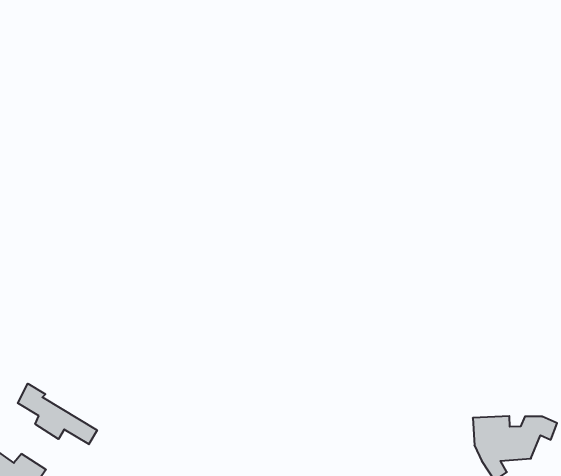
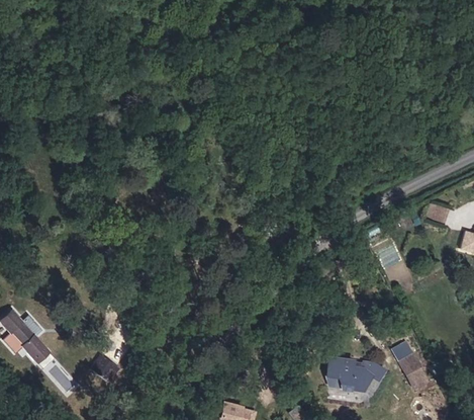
building: [18,384,97,444] -> none

